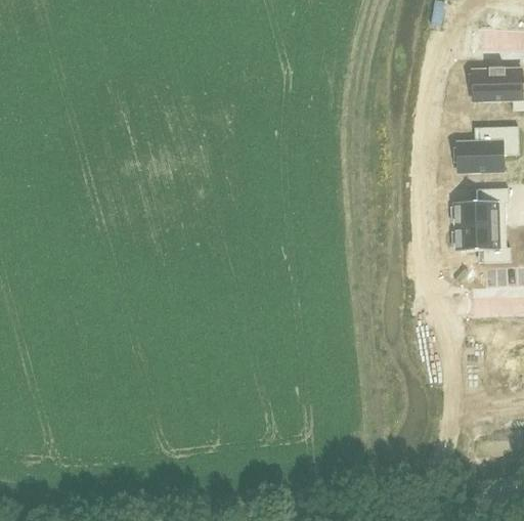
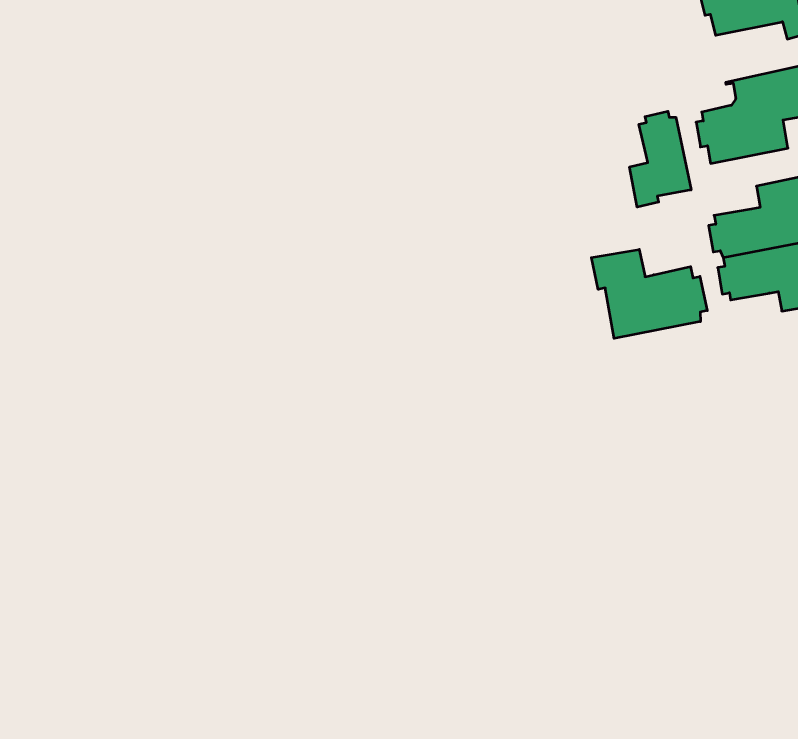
building: none -> [630,111,691,207]
building: none -> [591,249,707,338]

